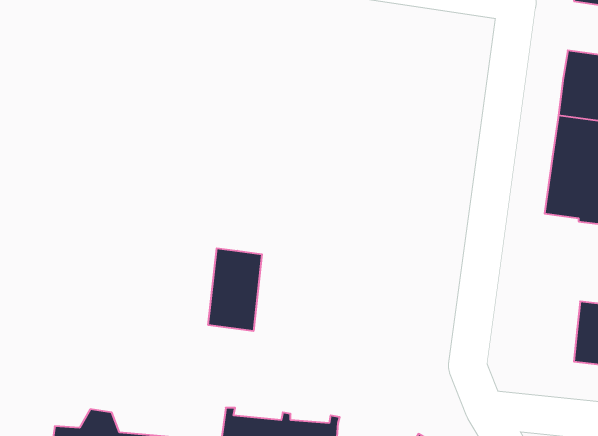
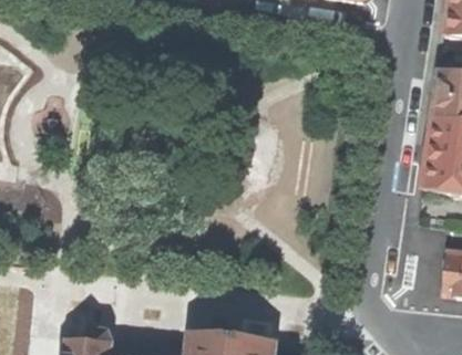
building: [208,248,262,331] -> none

